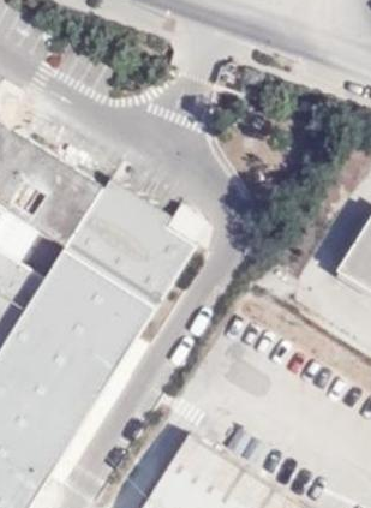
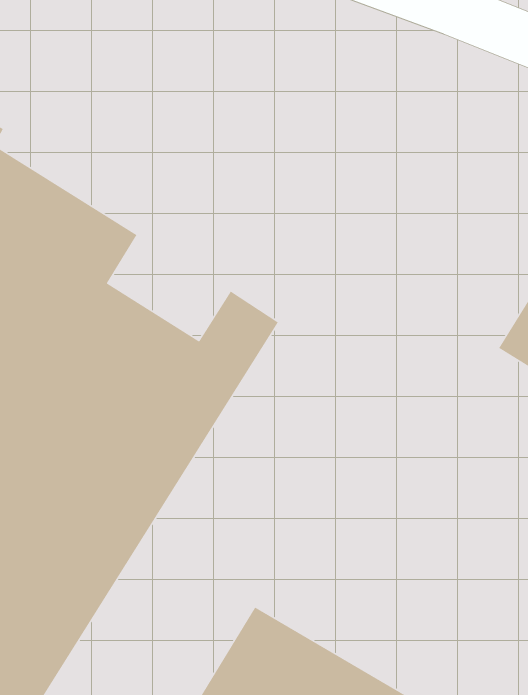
building: [85,189,170,268] -> none

